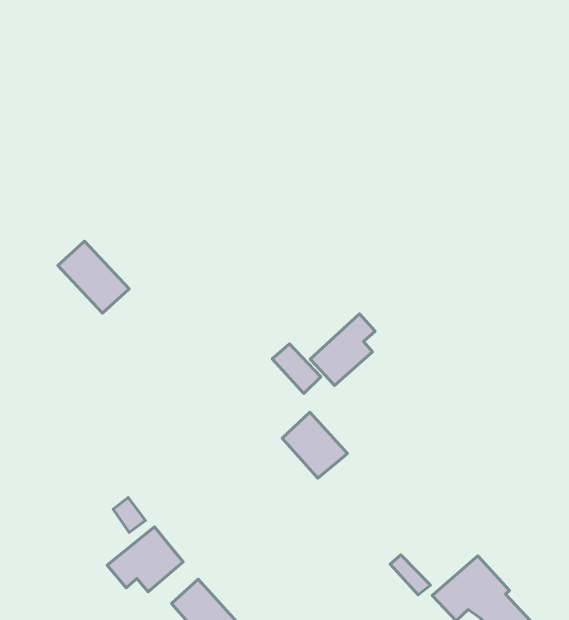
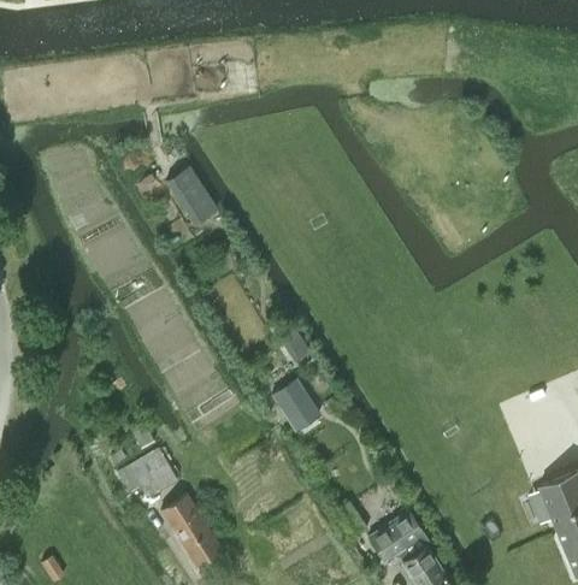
building: [58,241,129,313] -> [165,166,218,225]
building: [310,314,375,386] -> none

